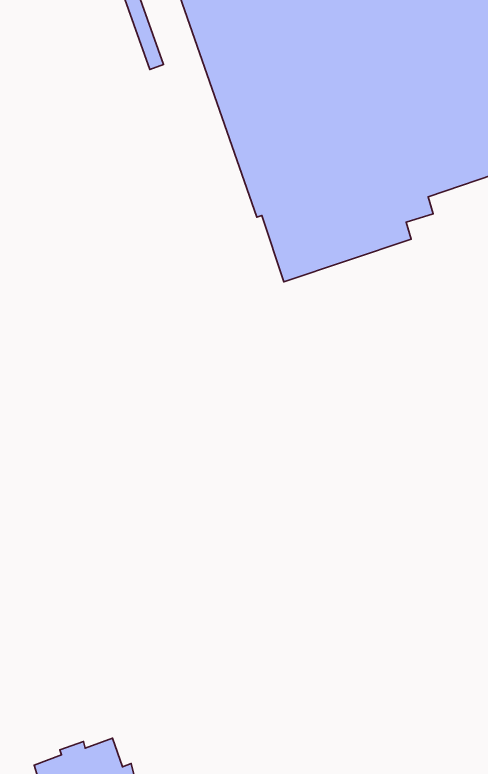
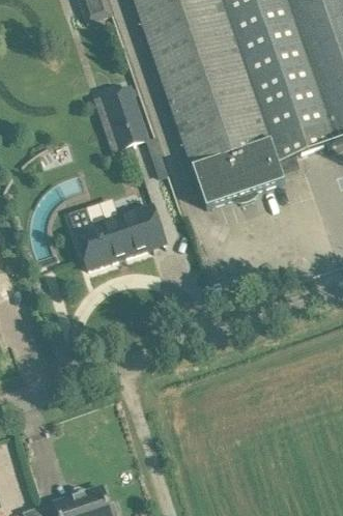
building: none -> [101,85,151,151]
building: none -> [69,205,167,269]

